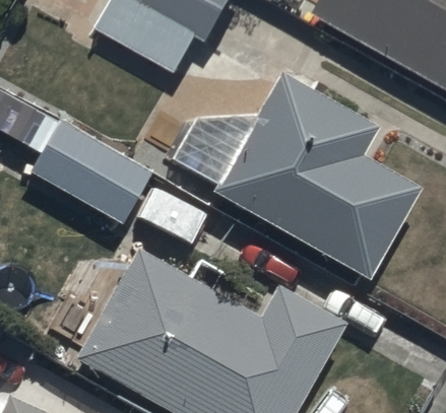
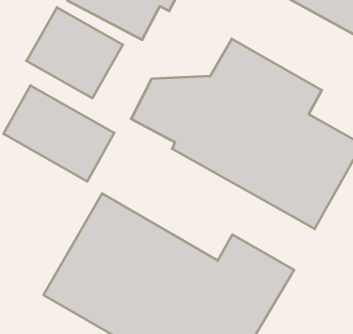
building: none -> [26,7,123,98]

